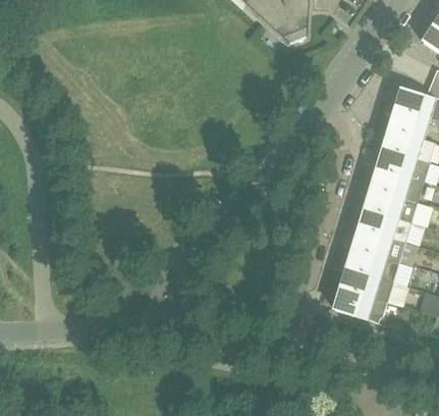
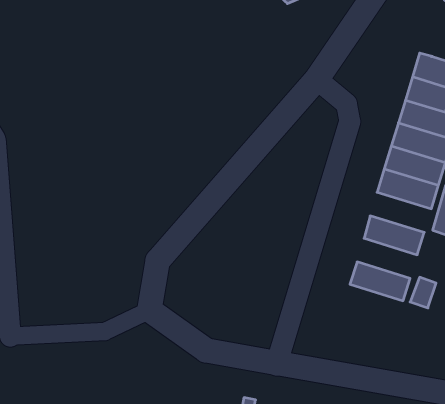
building: [358,206,410,241] -> none
building: [346,246,398,280] -> none
building: [334,285,386,321] -> none

